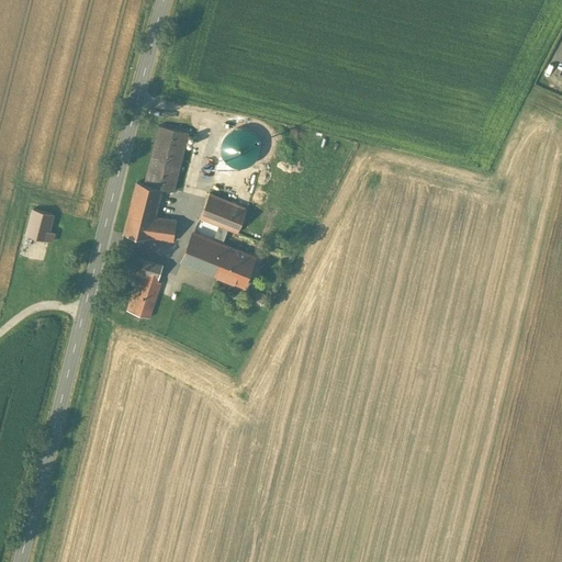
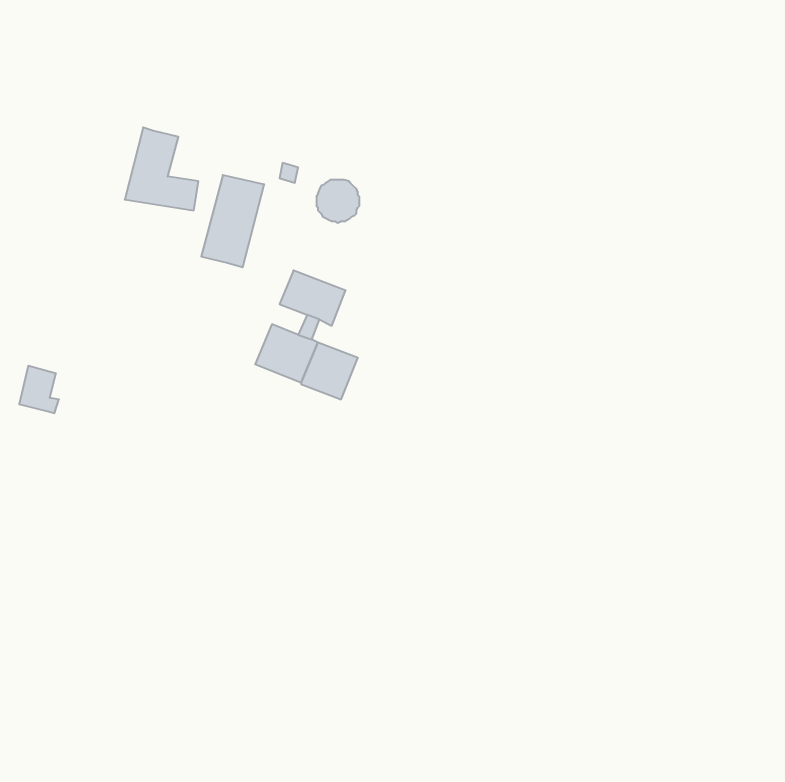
building: [124,183,177,243] -> [125,127,198,210]
building: [26,210,55,244] -> [19,366,59,413]
building: [120,260,161,317] -> none

